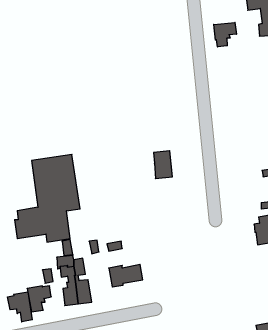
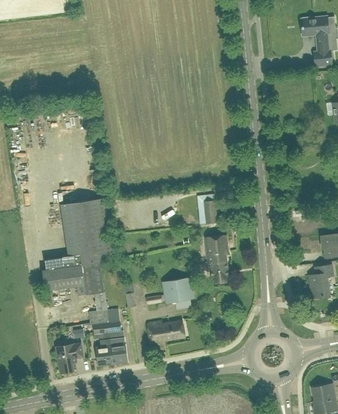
building: [214,22,236,47] -> none
building: none -> [205,235,229,282]
building: none -> [162,277,194,304]
building: [8,292,32,322] -> none

